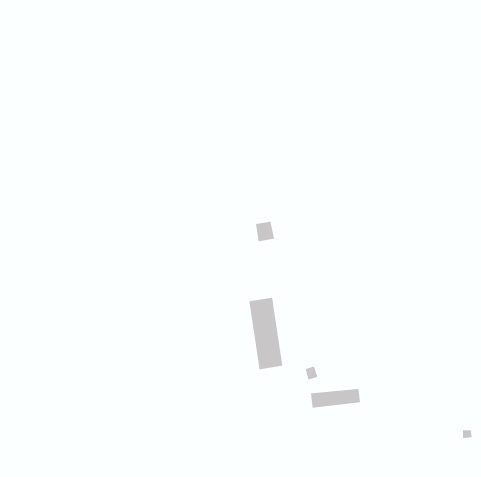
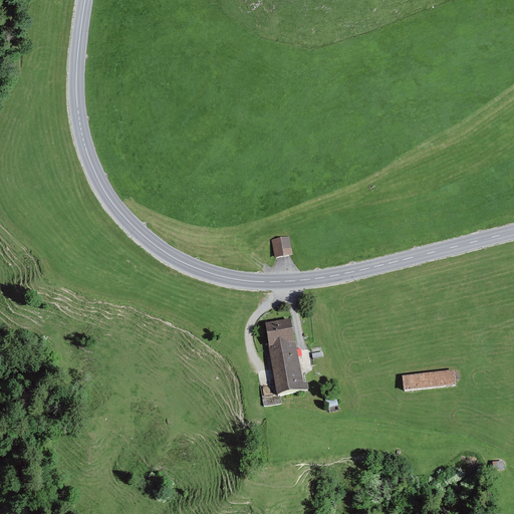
building: [310,388,361,408] -> [403,369,457,391]

